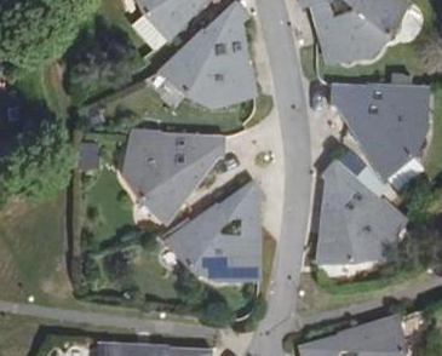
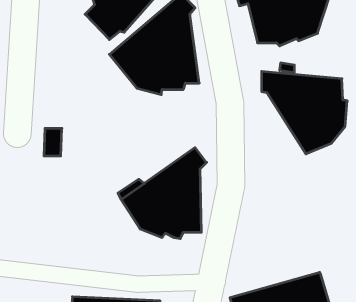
building: [122,133,229,223] -> none
building: [316,159,404,272] -> none

